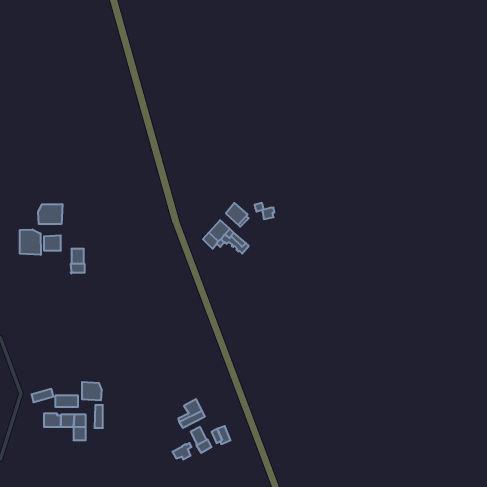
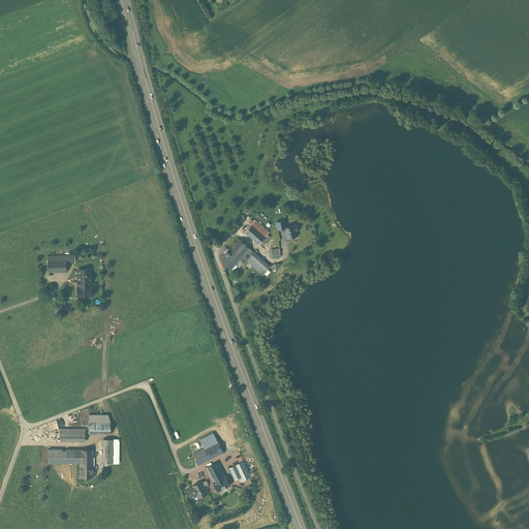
building: [38,204,62,224] -> none
building: [20,229,41,255] -> none

